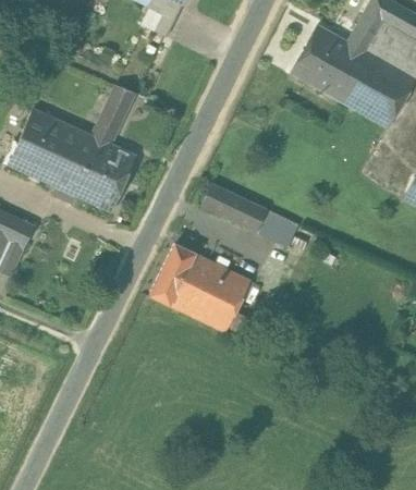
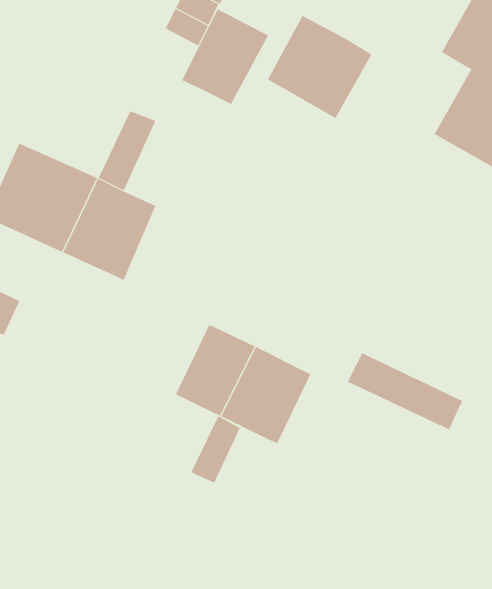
building: none -> [181,9,269,105]
building: [292,25,370,102] -> [267,15,372,119]
building: [201,184,287,242] -> [347,352,463,430]
building: none -> [190,415,241,483]

